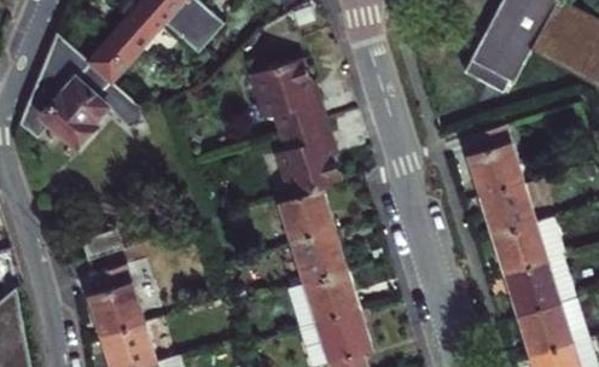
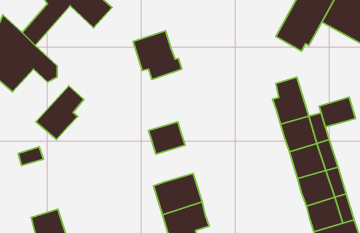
building: [280,113,345,194] -> none
building: none -> [36,86,84,140]
building: none -> [319,97,356,127]
building: [290,227,345,281] -> none
building: [91,263,144,334] -> none

